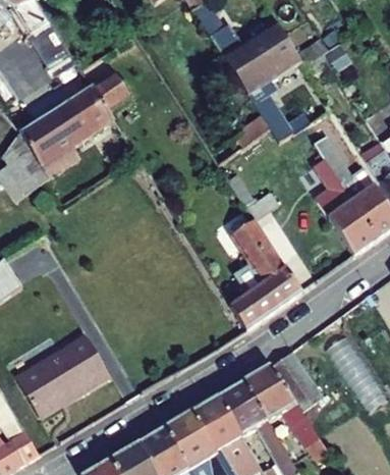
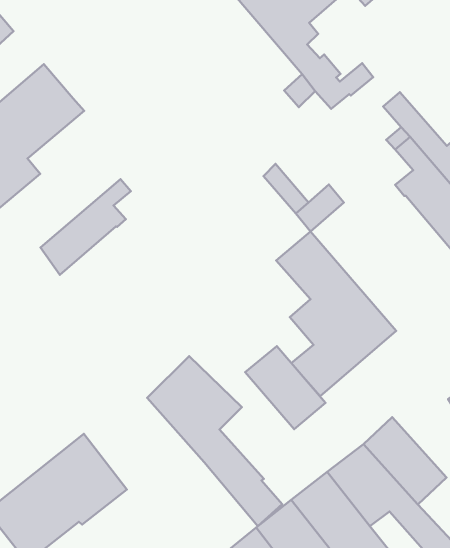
building: [92,70,130,110] -> none
building: none -> [40,179,131,275]
building: none -> [147,356,282,526]
building: none -> [245,346,326,429]

